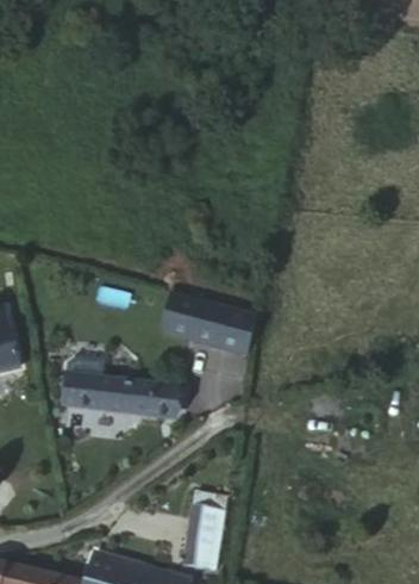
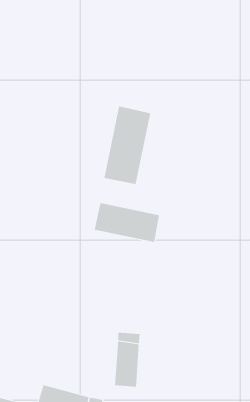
building: none -> [104,105,151,185]
building: [61,366,179,422] -> none

